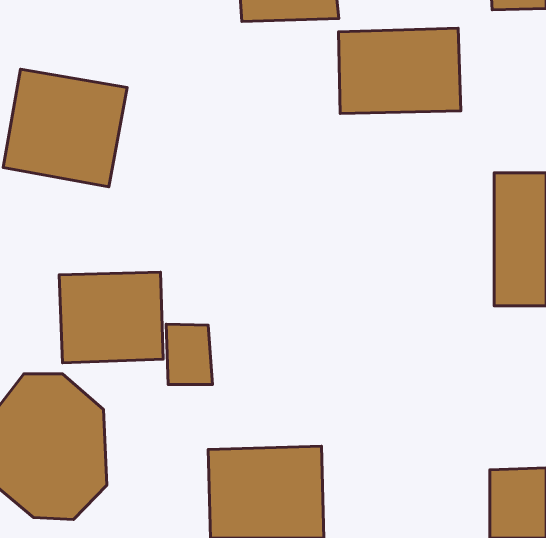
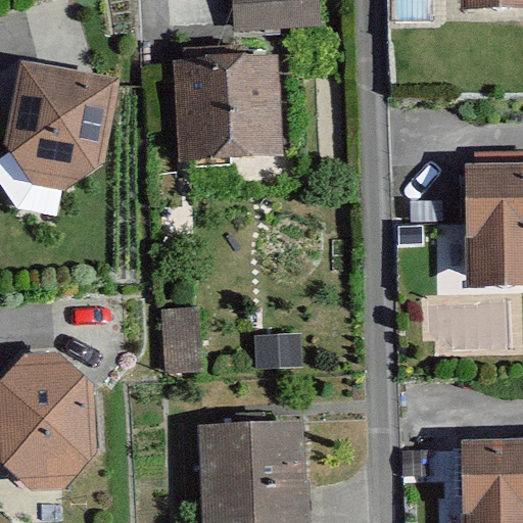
building: [339,28,461,113] -> none
building: none -> [173,52,282,157]
building: [59,272,163,363] -> none

